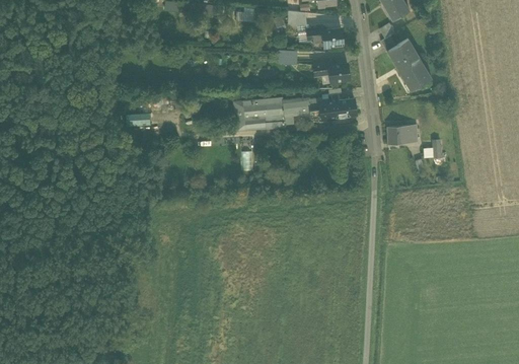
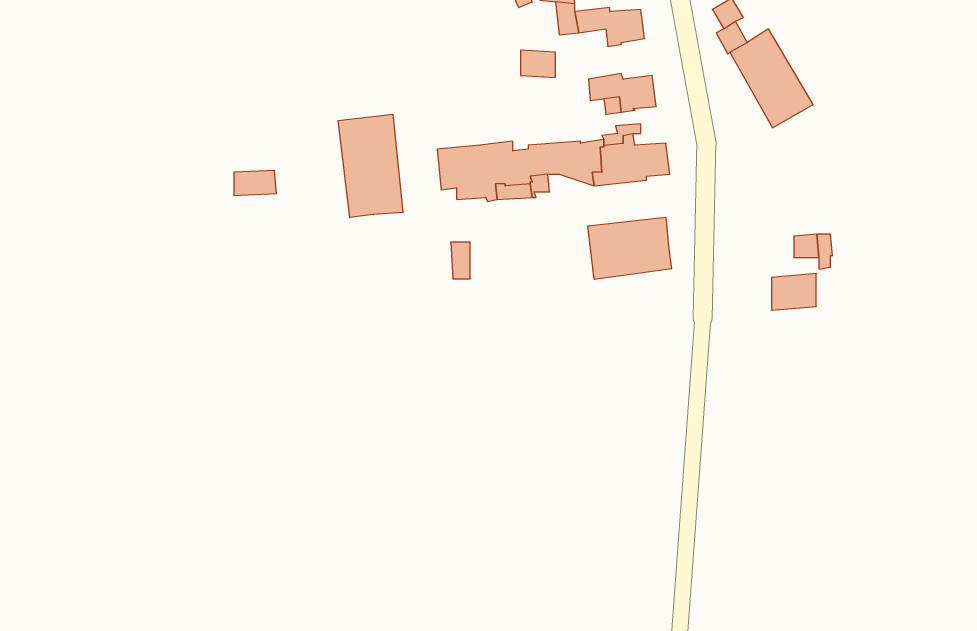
building: none -> [338,114,403,218]
building: [387,125,411,144] -> [772,273,816,310]
building: none -> [588,217,671,279]

